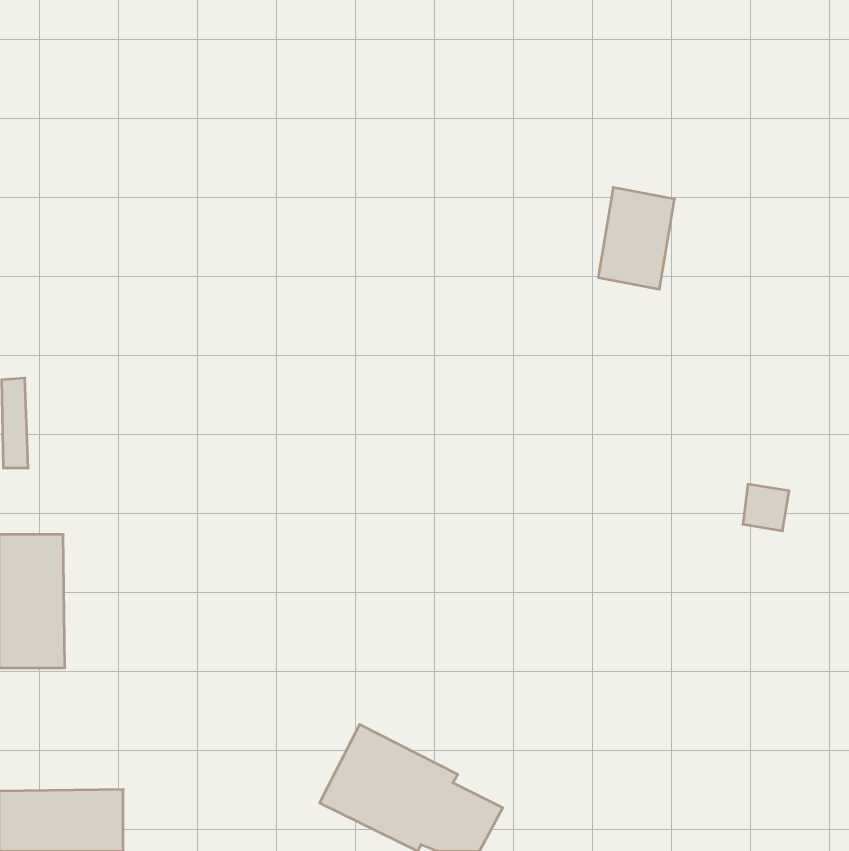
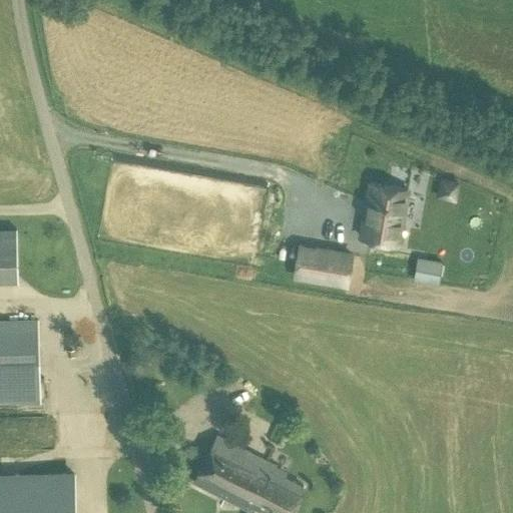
building: [598,187,675,289] -> [360,182,406,243]
building: none -> [294,245,351,285]
building: [743,484,789,531] -> [413,256,441,285]

